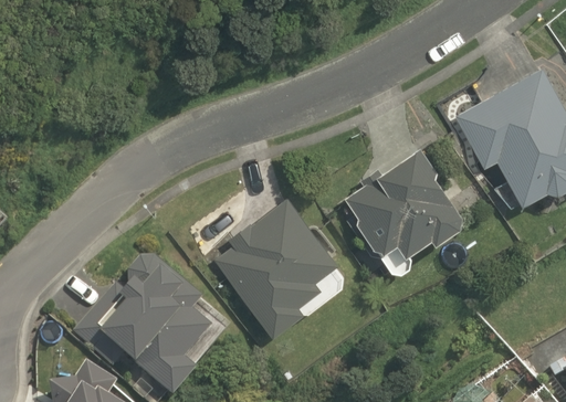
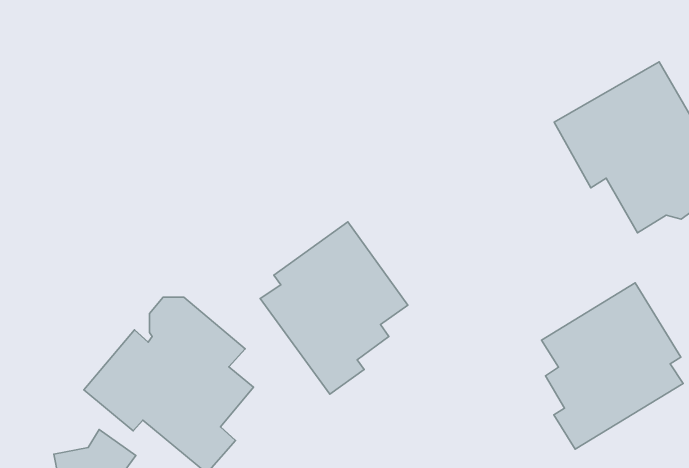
building: [347,147,461,274] -> none
building: none -> [542,283,683,449]

